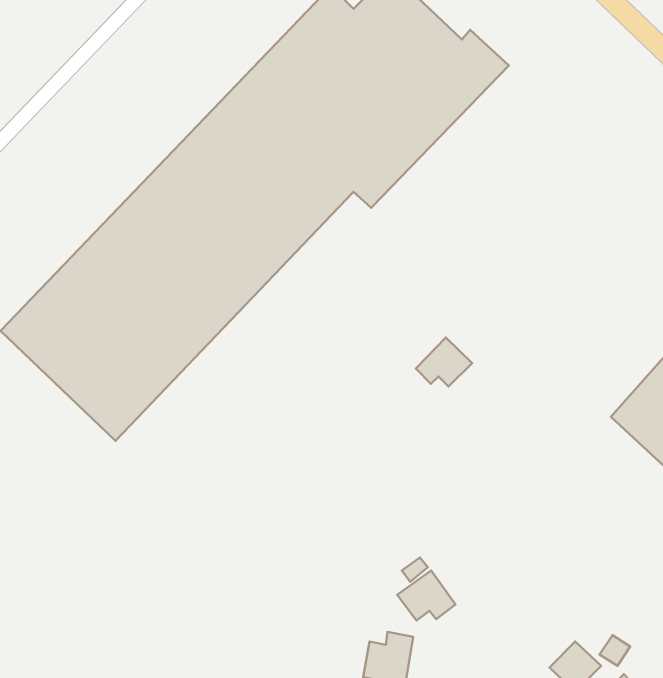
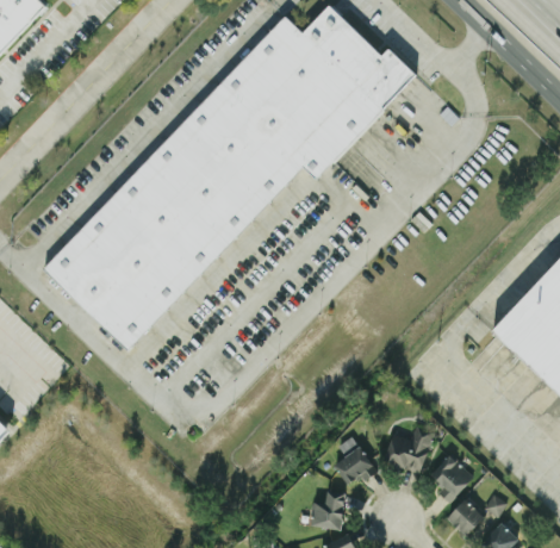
building: [416,338,472,387] -> none
building: none -> [384,425,435,473]
building: none -> [430,454,474,503]

